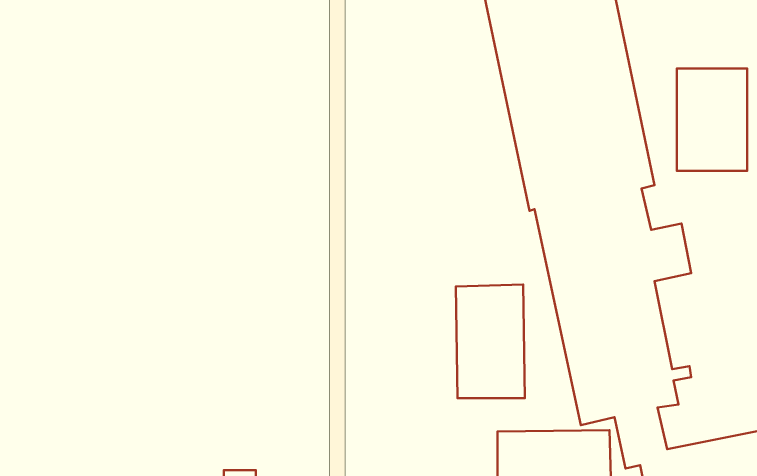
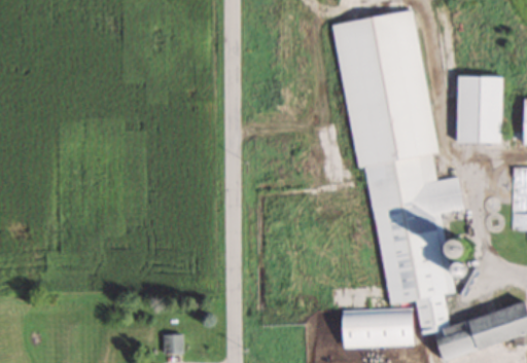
building: [456,285,525,398] -> none

